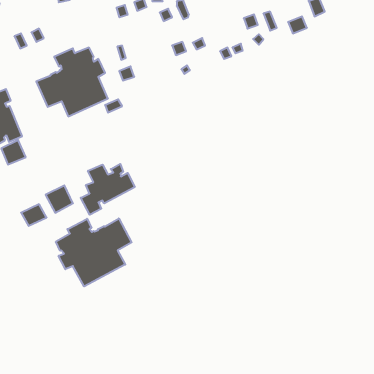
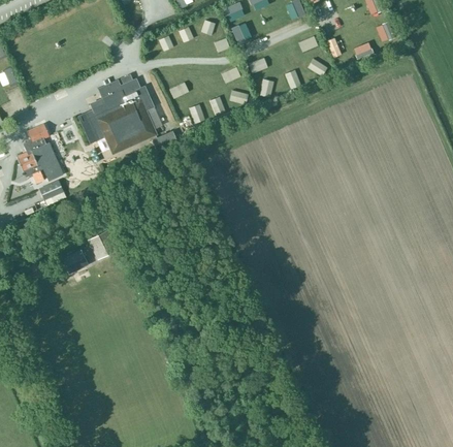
building: [81,164,135,215] -> none
building: [56,218,132,286] -> none

